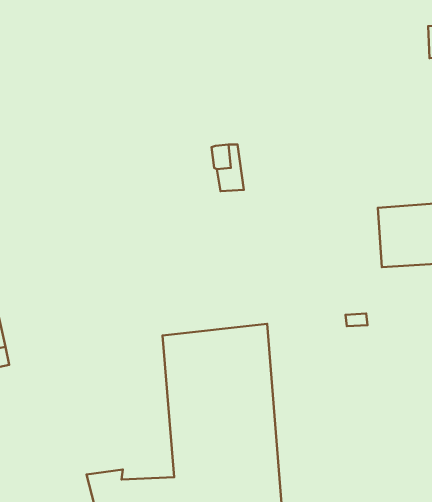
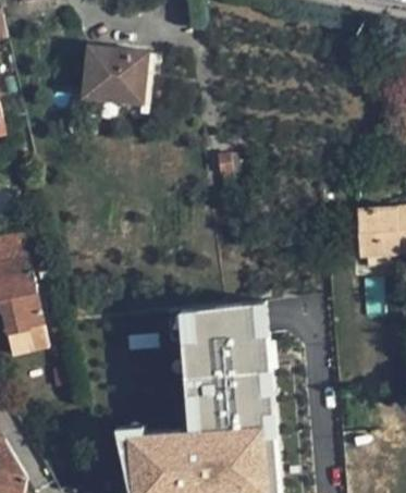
building: none -> [84,47,148,102]

